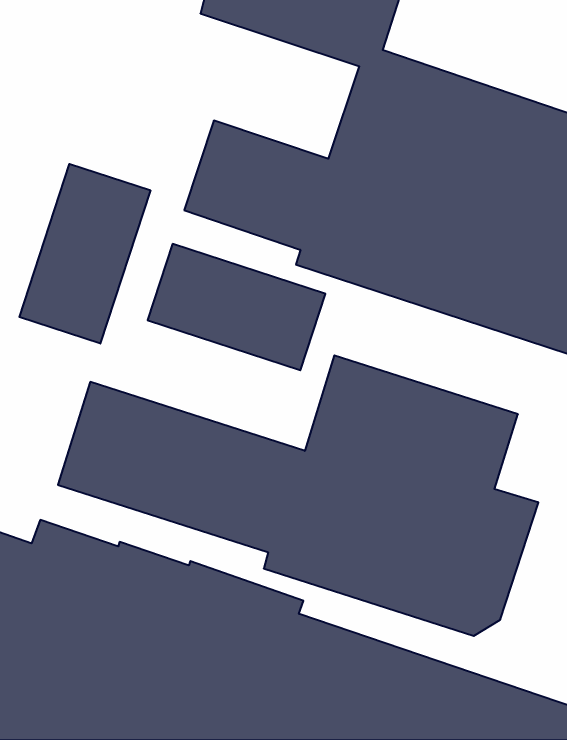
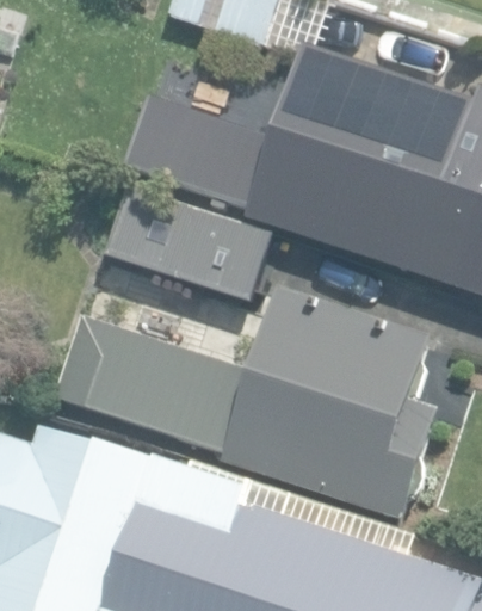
building: [19,164,150,344] -> none

